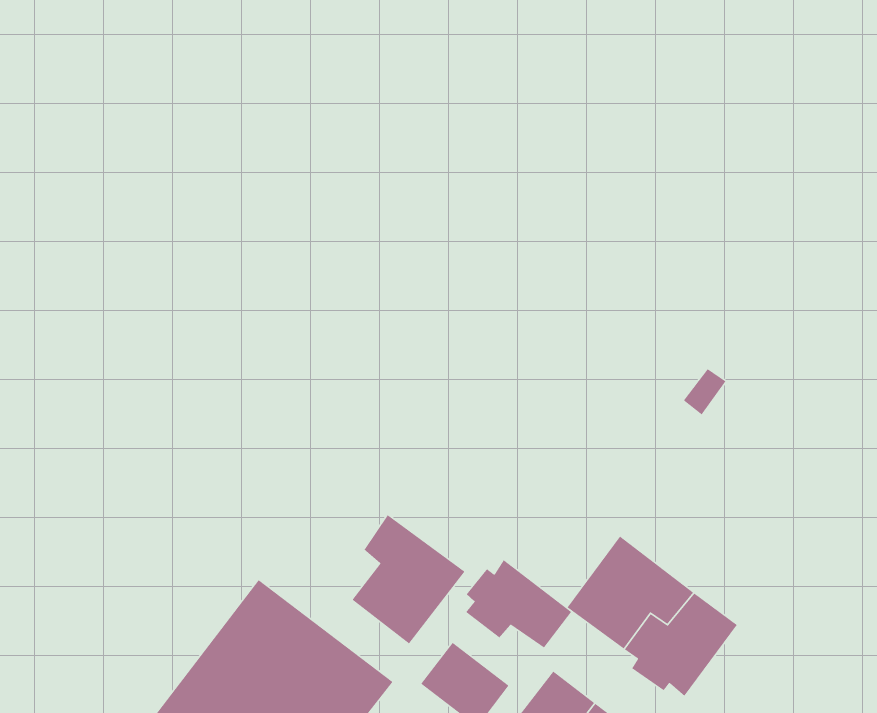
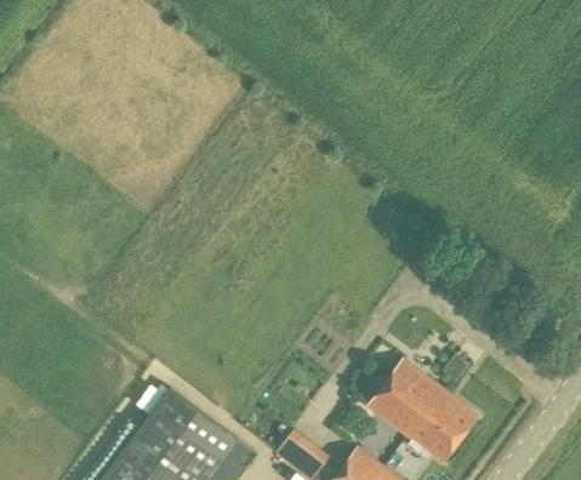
building: [352,514,465,644] -> none
building: [465,559,572,648] -> none

